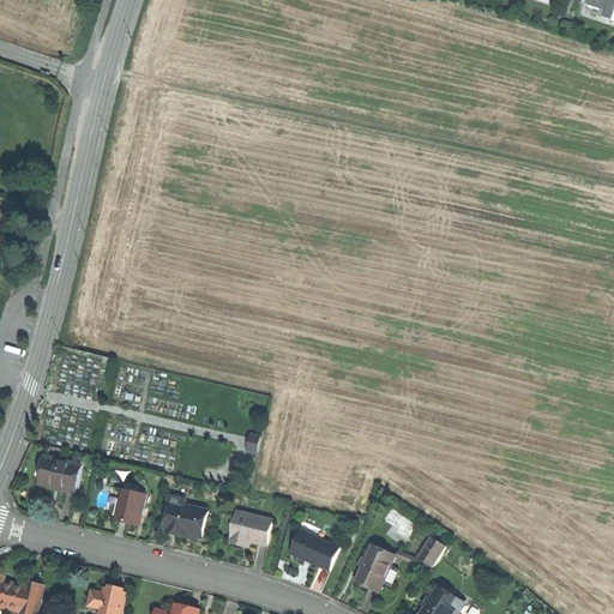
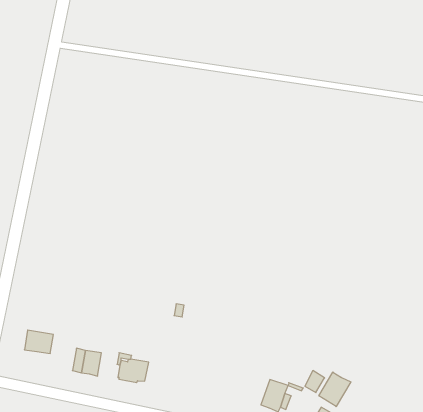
building: [228,511,271,547] -> none
building: [289,530,338,570] -> none
building: none -> [319,372,351,407]

